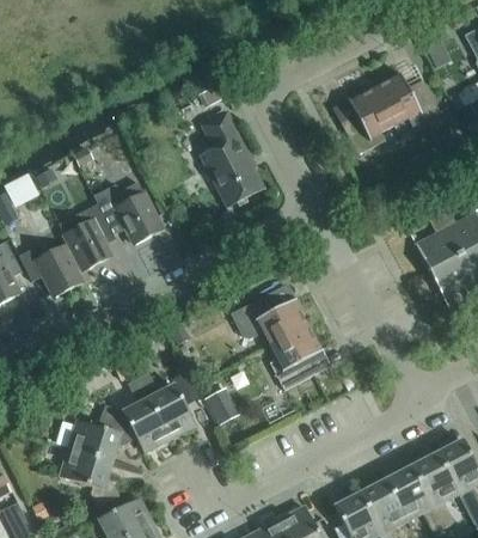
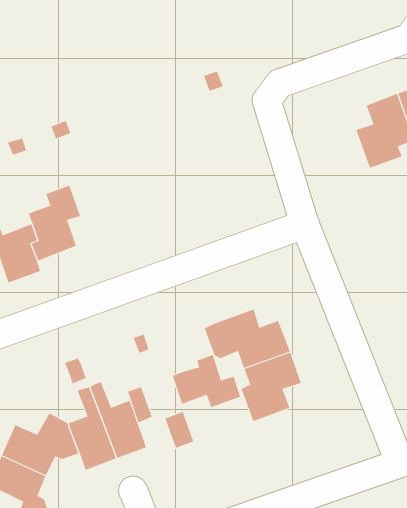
building: [200,111,263,207] -> none
building: [93,182,161,244] -> none
building: none -> [172,354,241,408]

